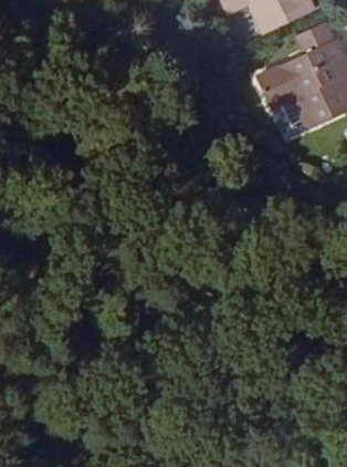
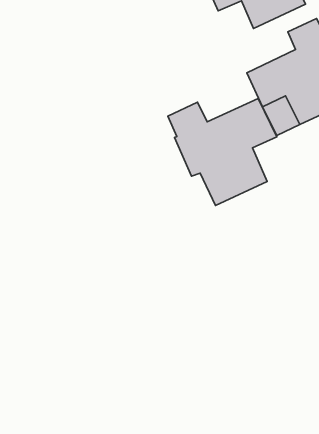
building: none -> [168,99,277,205]

